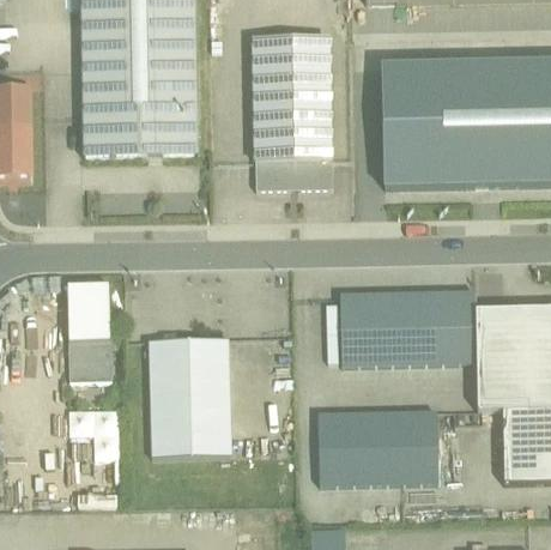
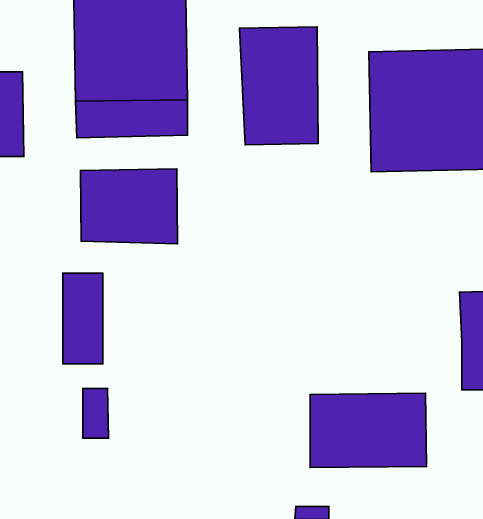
building: [255,157,332,187] -> none
building: none -> [80,169,177,244]
building: [338,288,476,363] -> none
building: [149,334,230,454] -> none

